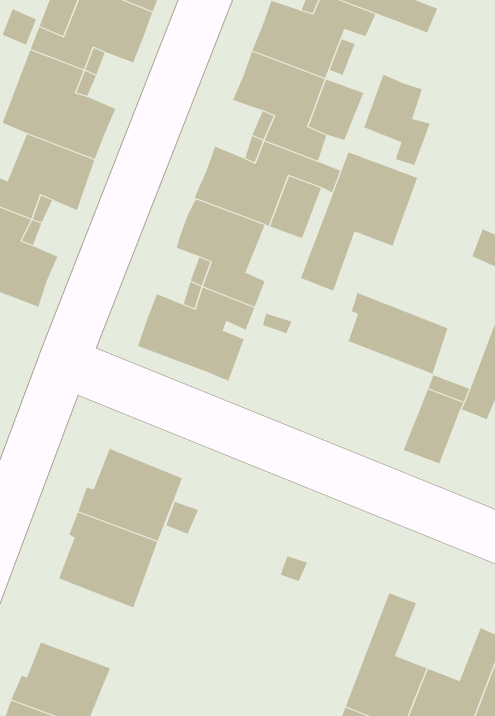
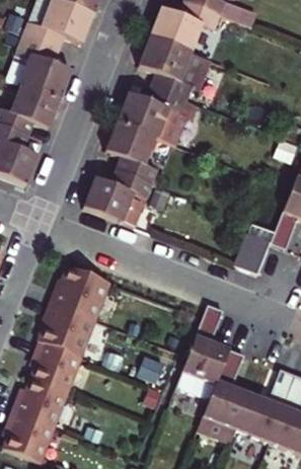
building: [363,74,430,166] -> none
building: [300,152,418,291] -> none
building: [348,292,448,374] -> none
building: none -> [182,304,229,383]
building: none -> [28,340,82,392]

